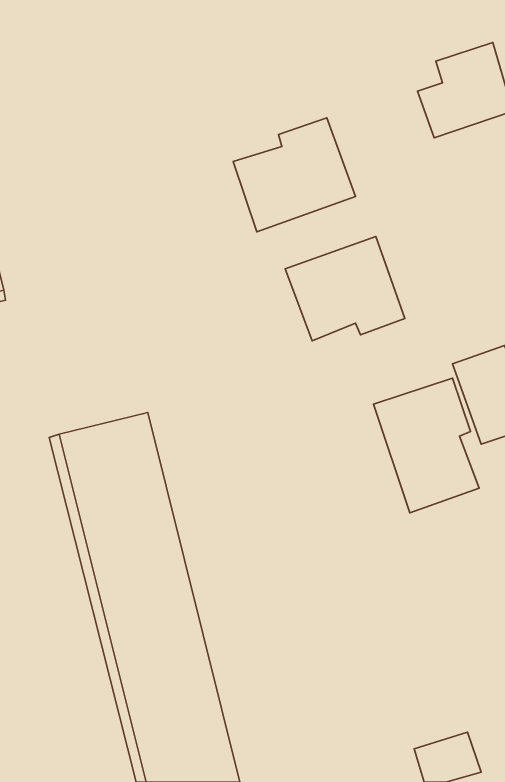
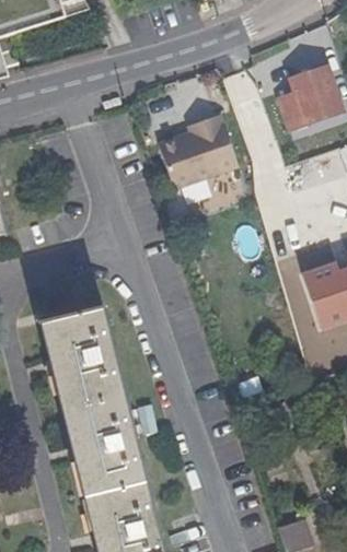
building: [285,236,405,341] -> none
building: [374,378,479,513] -> none

